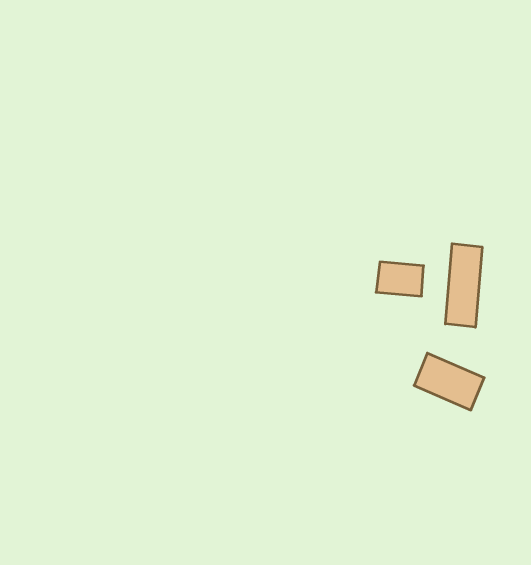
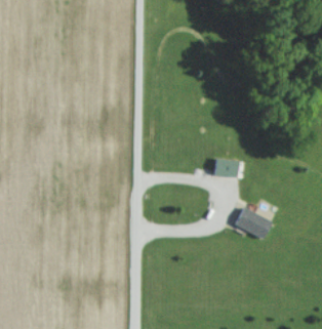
building: [445,244,482,327] -> none

